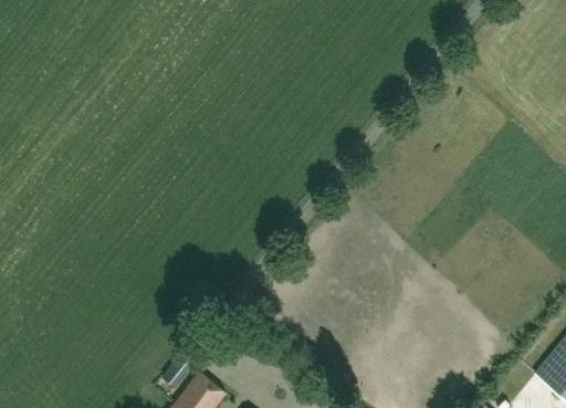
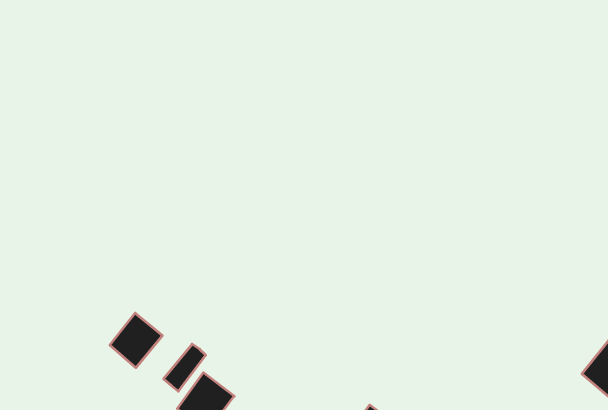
building: none -> [110,313,162,368]

